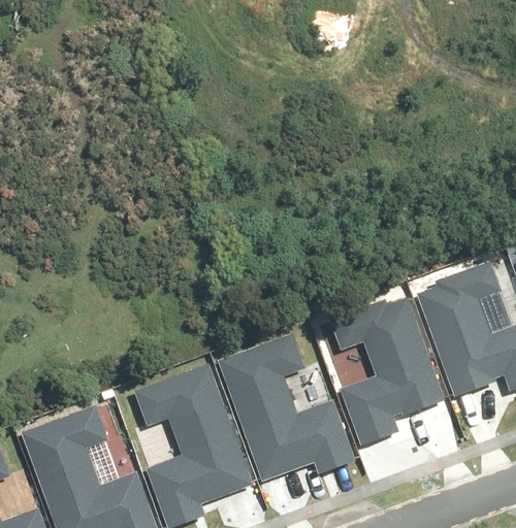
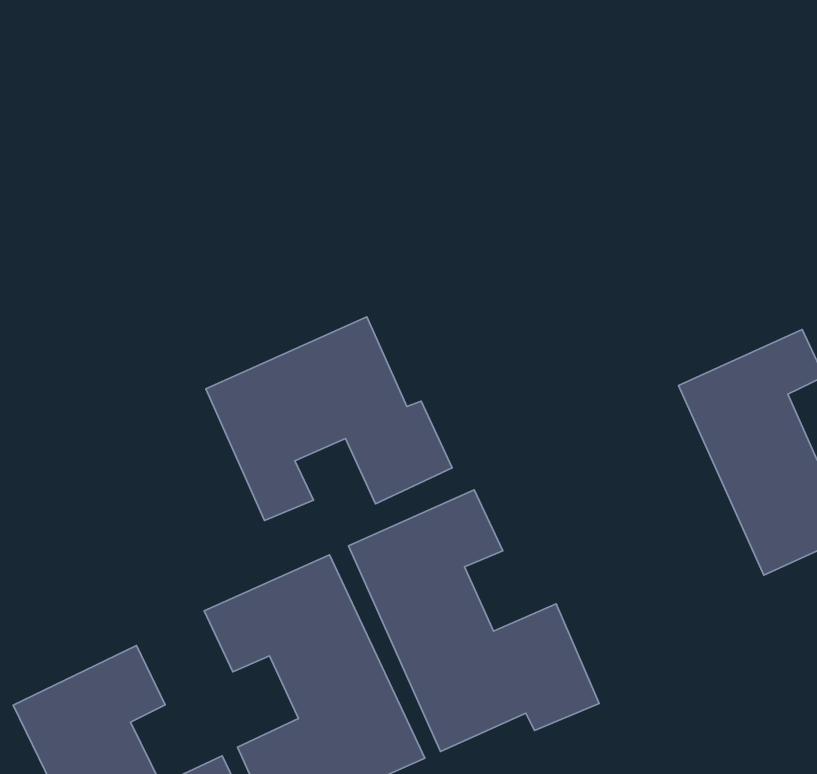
building: none -> [206,317,452,520]
building: [329,292,443,449] -> none

